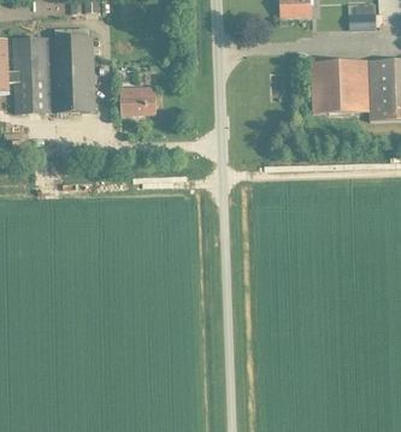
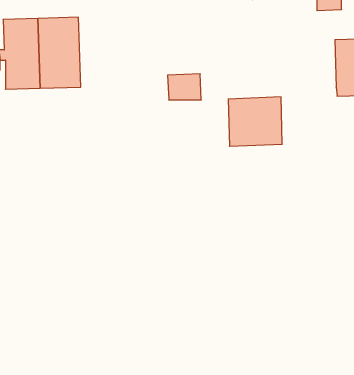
building: [311,59,368,112] -> [228,97,282,146]
building: [119,85,155,113] -> [168,74,201,100]

